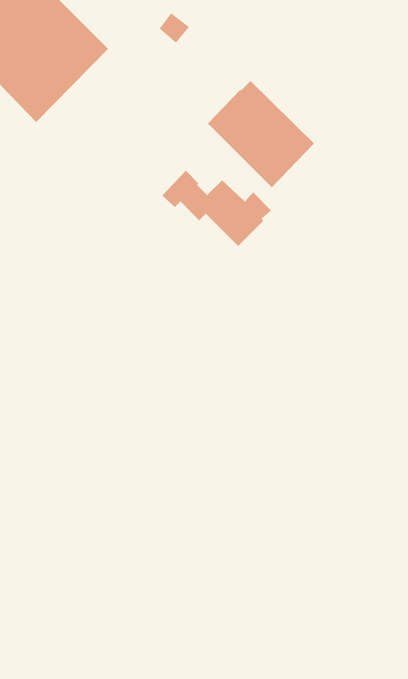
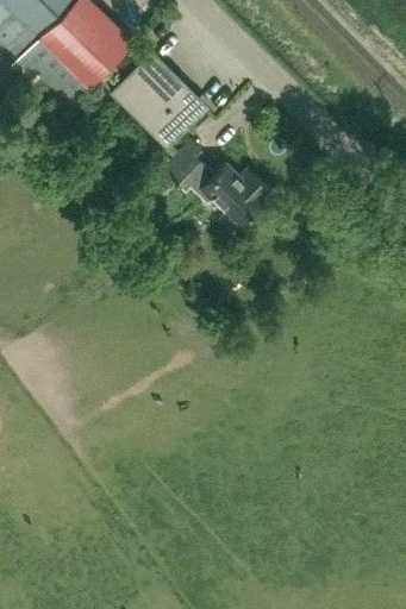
building: [207,80,315,188] -> [111,50,206,145]

